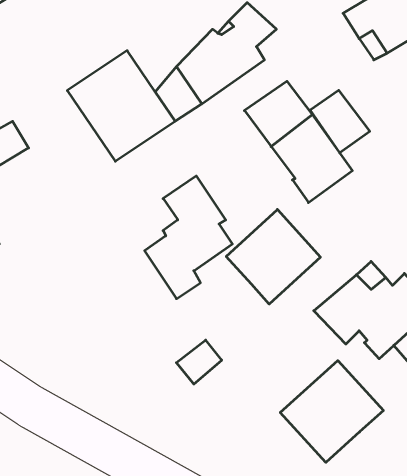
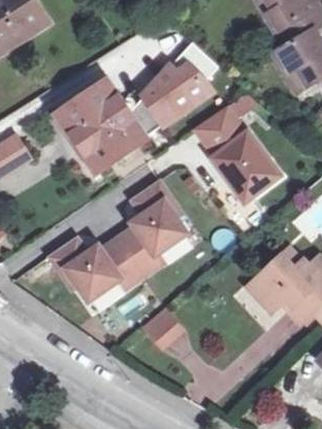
building: [310,90,370,153] -> none
building: [226,209,320,304] -> none
building: none -> [50,238,142,300]
building: [280,361,383,462] -> none

